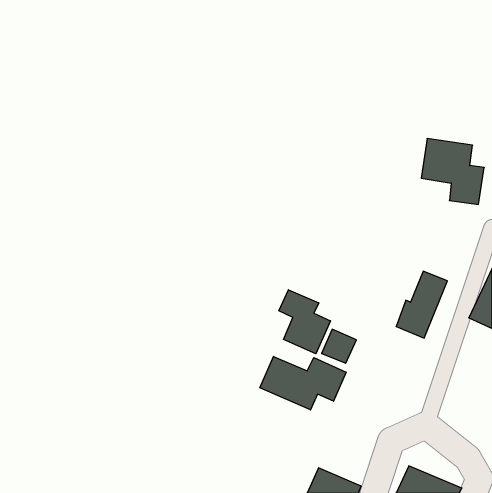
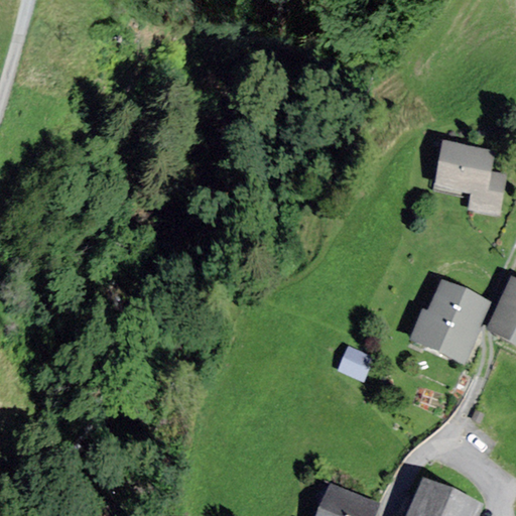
building: none -> [441,292,488,360]
building: [279,290,330,354] -> none
building: [260,356,346,410] -> none

